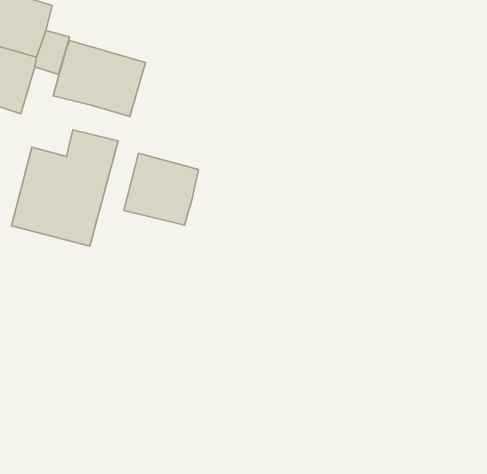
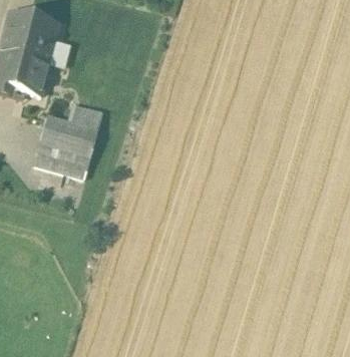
building: [53,40,146,117] -> none
building: [124,153,199,225] -> none

